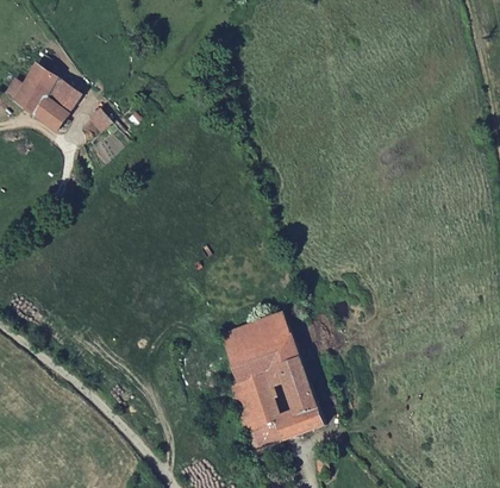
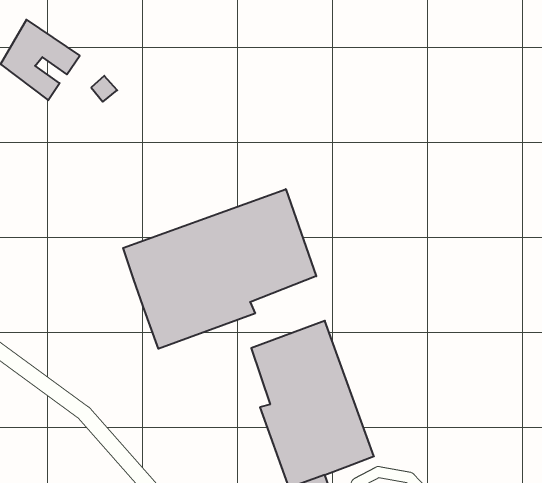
building: none -> [123,189,316,349]

